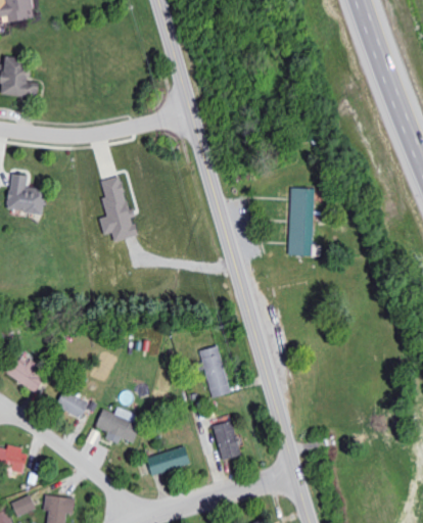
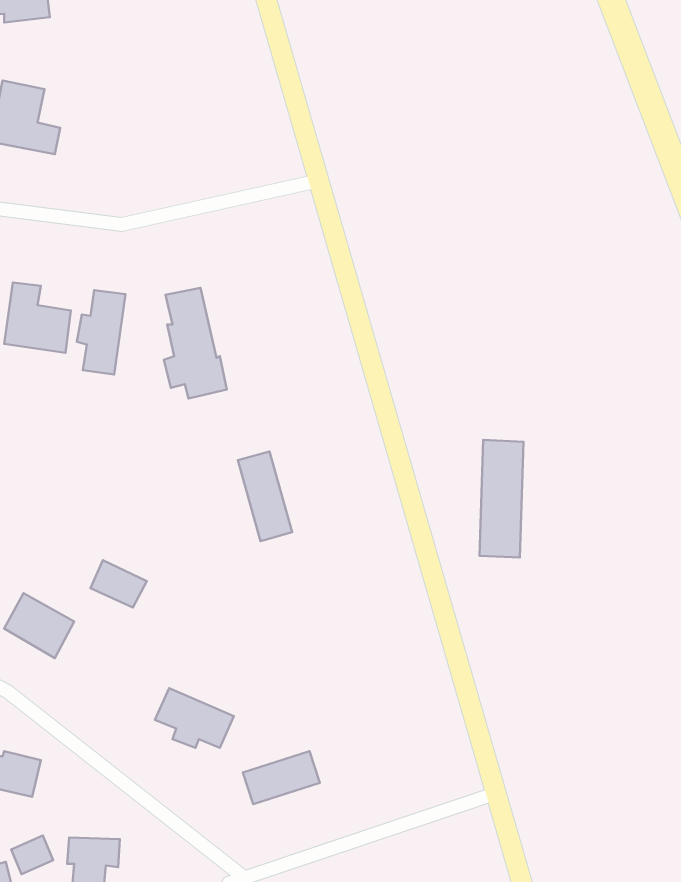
building: none -> [77,290,126,374]
building: [288,187,314,255] -> [480,440,523,558]
building: [198,345,230,397] -> [238,451,292,541]
building: [55,390,88,418] -> [91,560,147,607]
building: [213,420,240,461] -> none

